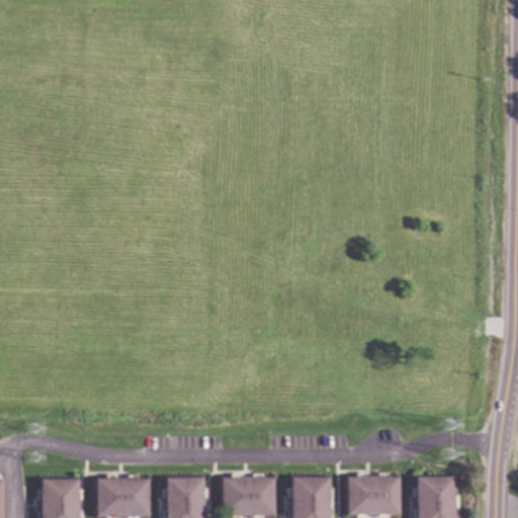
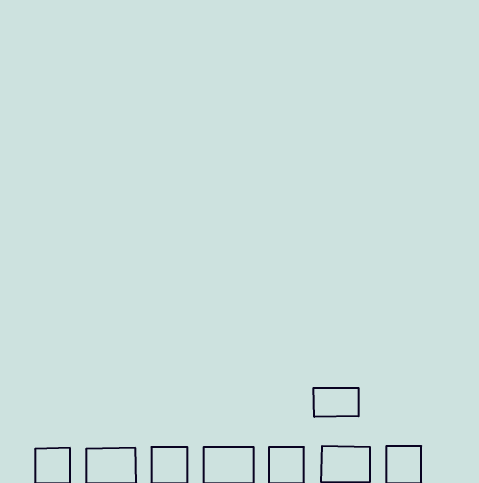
building: none -> [313,388,359,417]

